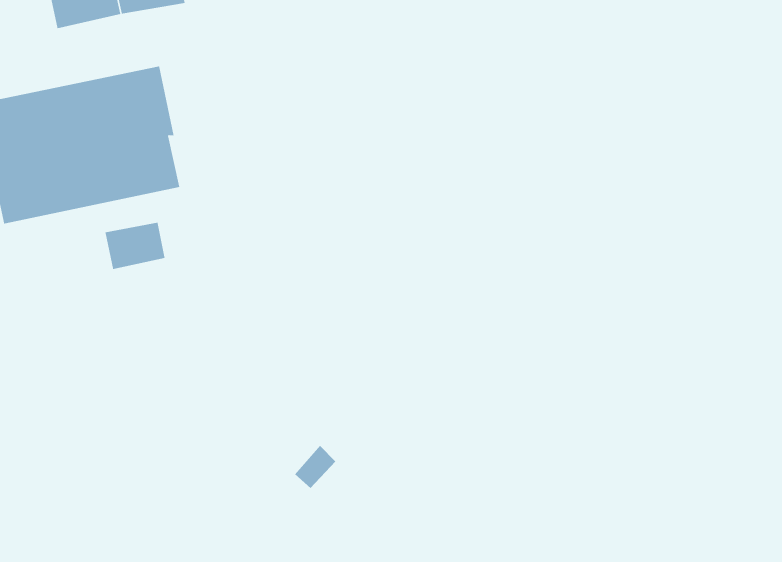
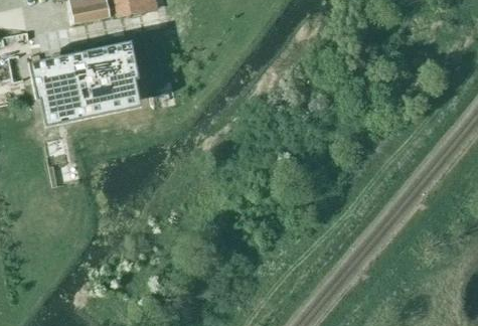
building: [105,222,165,270] -> none

